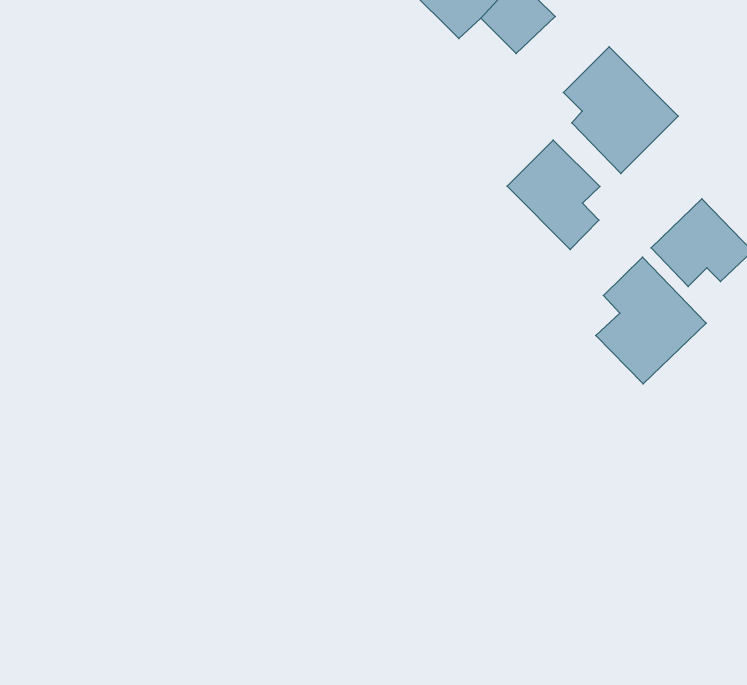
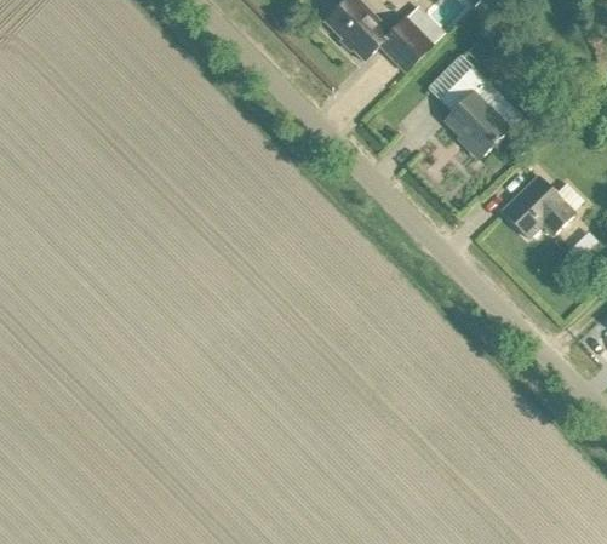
building: [507,140,600,249] -> none
building: [596,257,706,384] -> none

